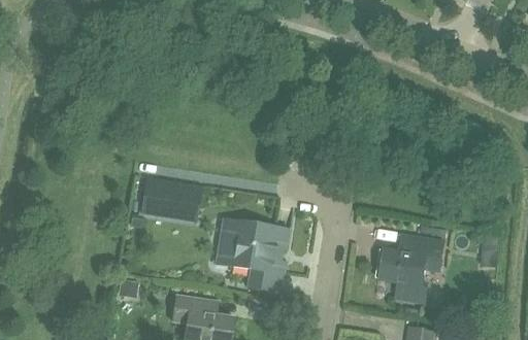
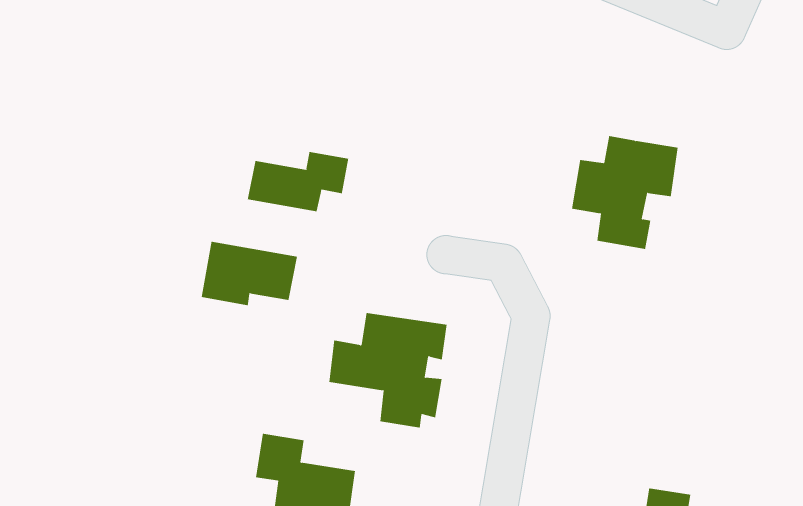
building: none -> [247,151,349,212]
building: [380,234,444,303] -> [571,136,678,249]

